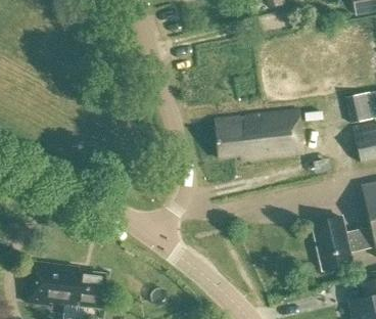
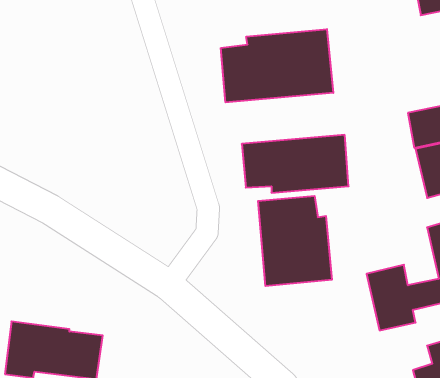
building: none -> [221,29,333,102]
building: none -> [258,196,332,286]

